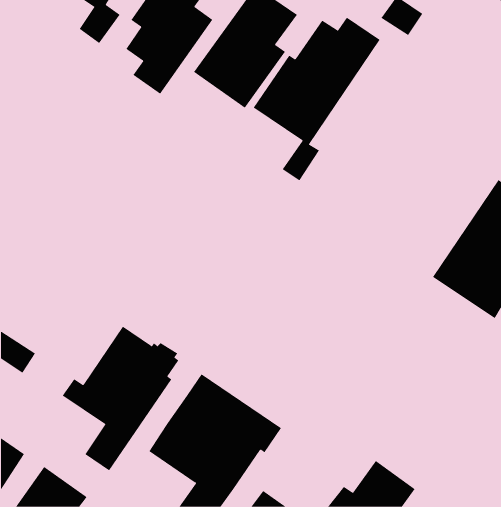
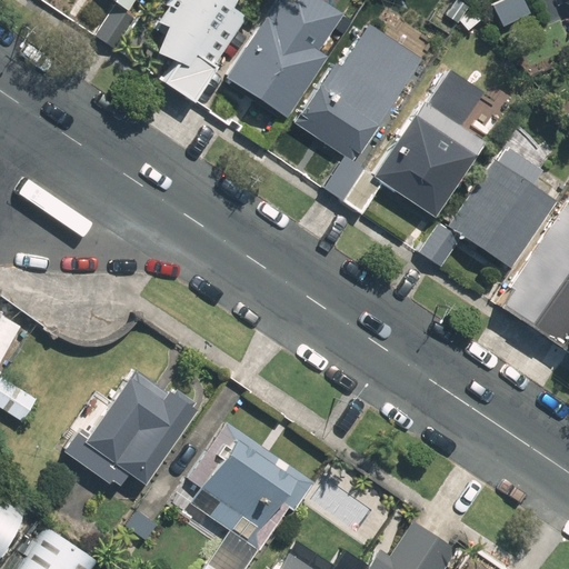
building: none -> [343,64,485,220]
building: none -> [420,162,551,272]

